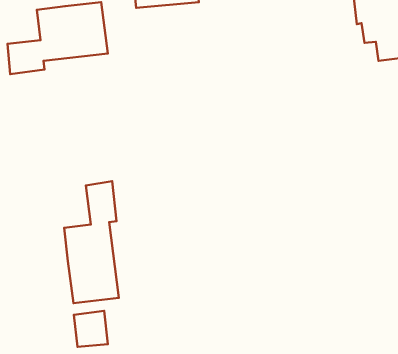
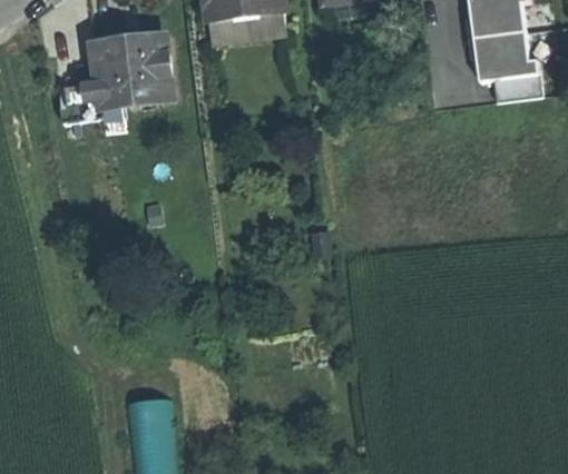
building: [64,181,119,303] -> none

